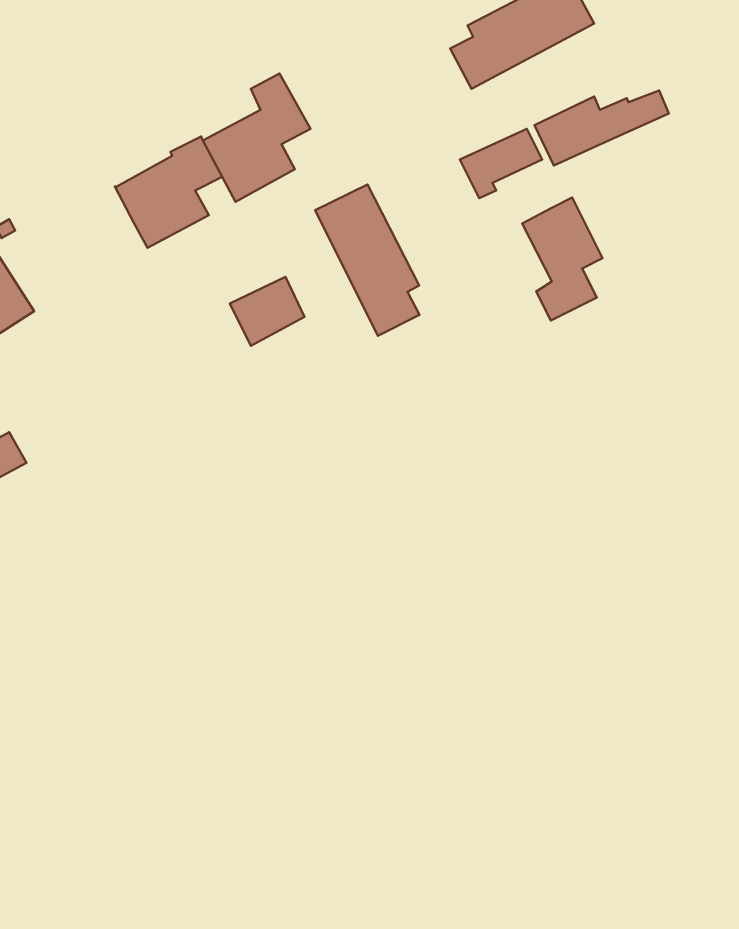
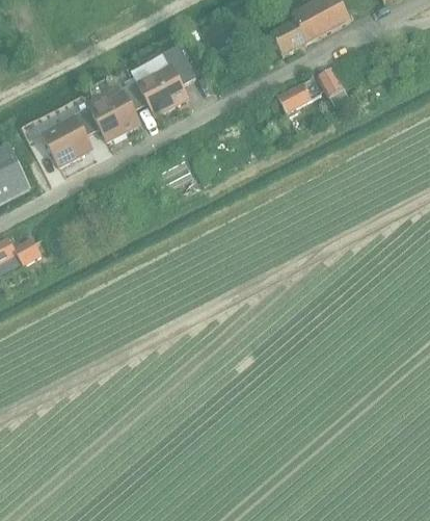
building: none -> [41,105,99,165]
building: [315,184,420,336] -> none
building: [522,197,602,320] -> none

